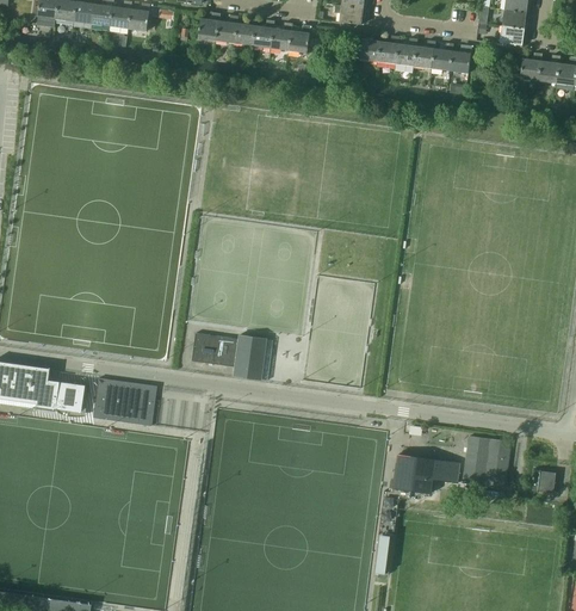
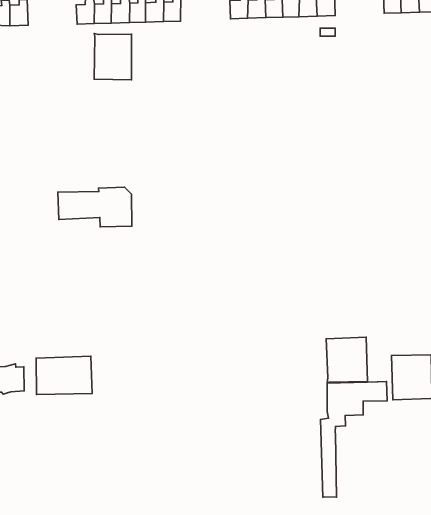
building: none -> [94,34,132,80]
building: [192,333,272,381] -> [58,187,132,227]
building: none -> [326,337,367,383]

